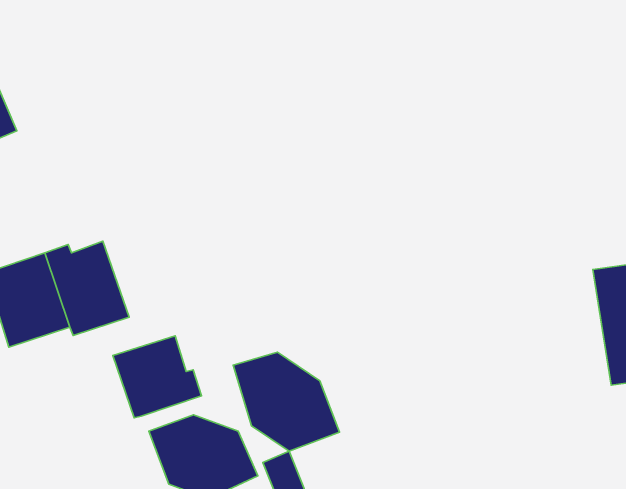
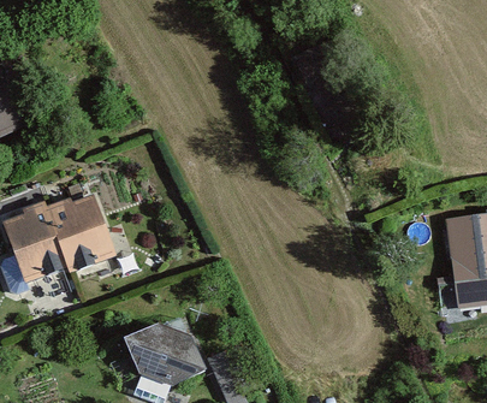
building: [113,336,202,418] -> none
building: [233,352,339,451] -> none

